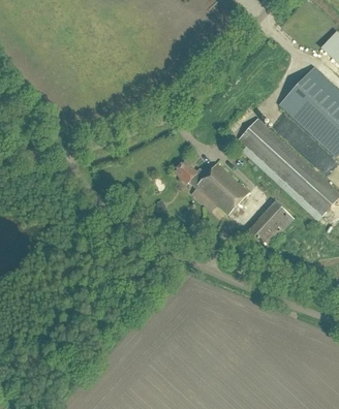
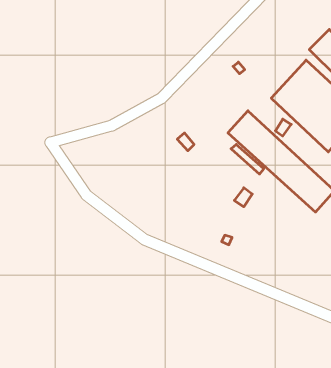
building: [172,158,246,212] -> none
building: [246,199,292,247] -> none

